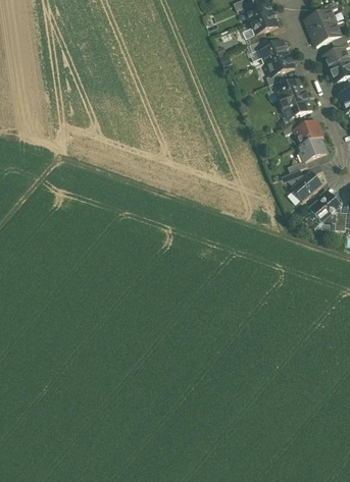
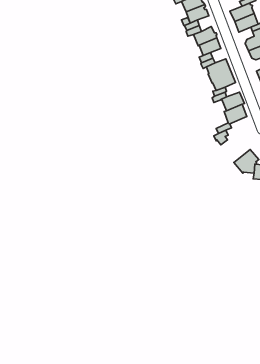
building: [293,172,321,200] -> none

